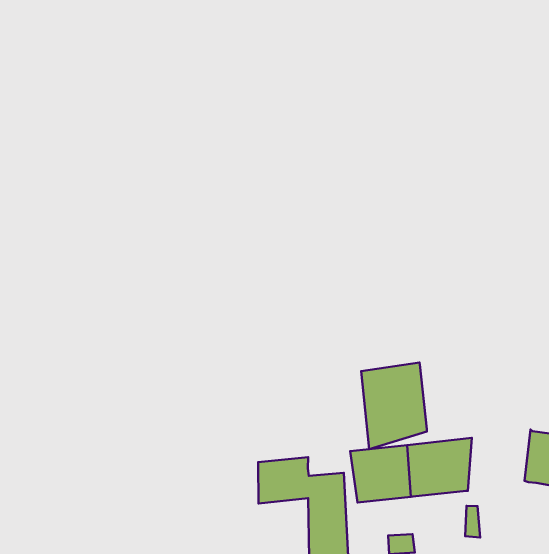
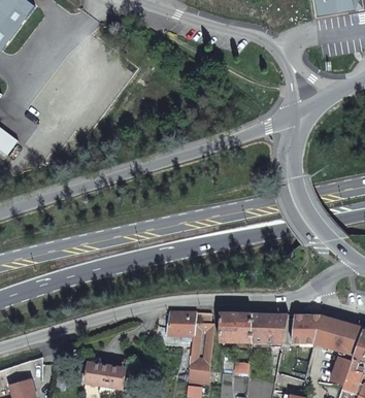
building: [361,362,427,449] -> none
building: none -> [291,313,321,341]

